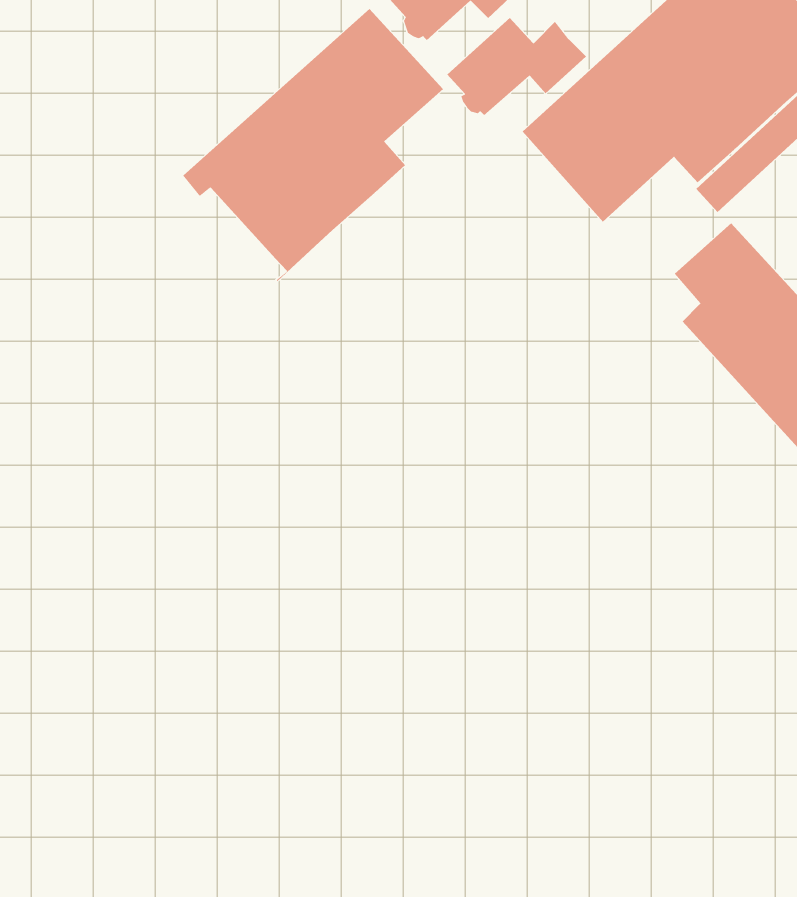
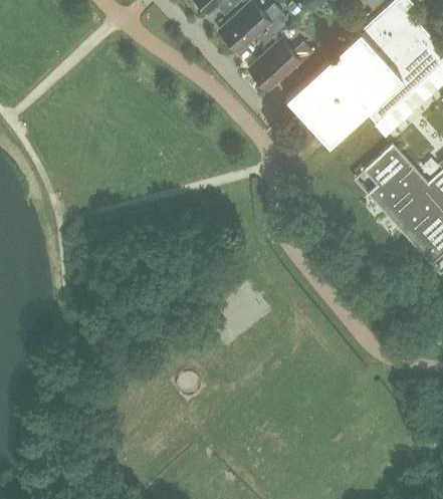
building: [182,8,444,282] -> none

